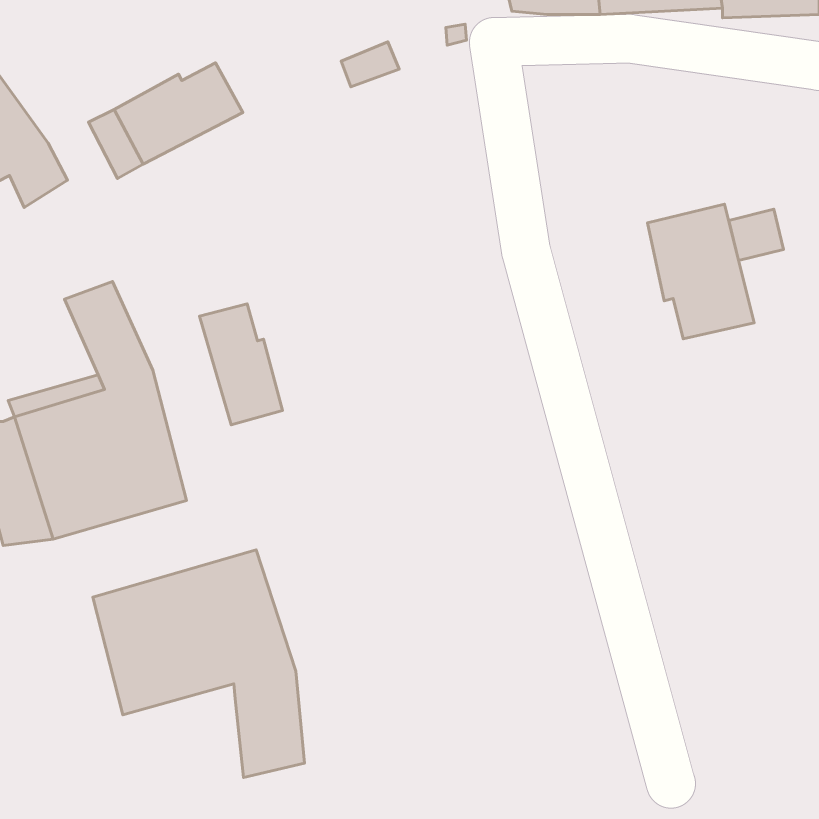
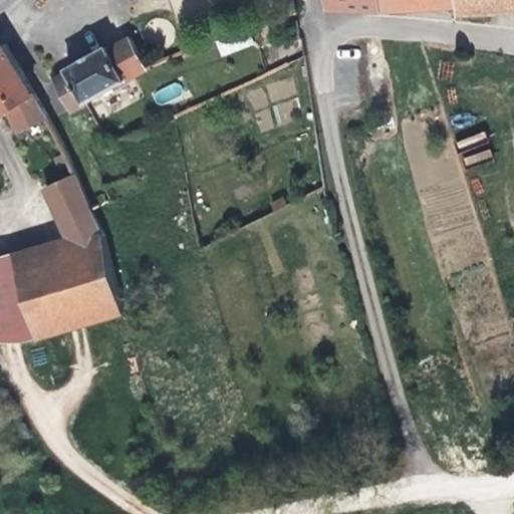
building: [647,204,754,339] -> none
building: [200,304,282,425] -> none
building: [93,550,305,777] -> none

